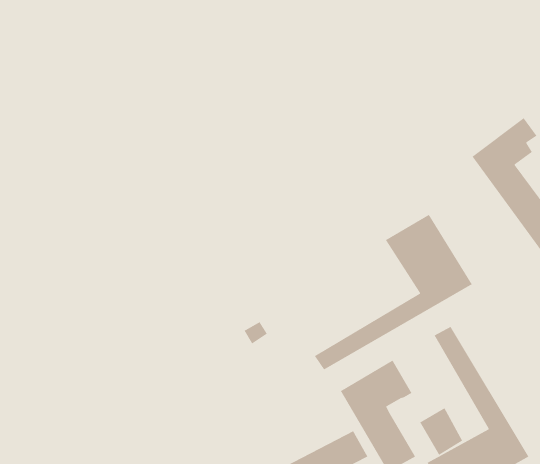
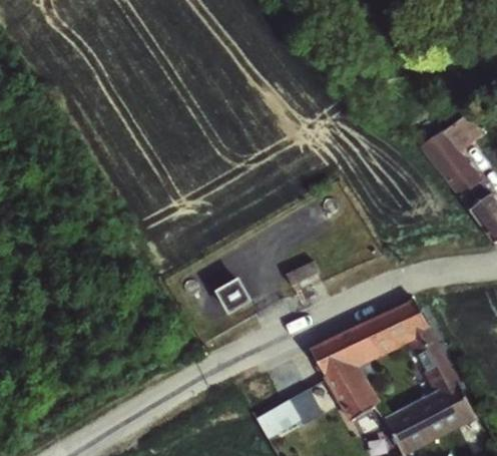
building: [314,214,473,371] -> none
building: [419,407,463,456] -> [357,312,395,354]

